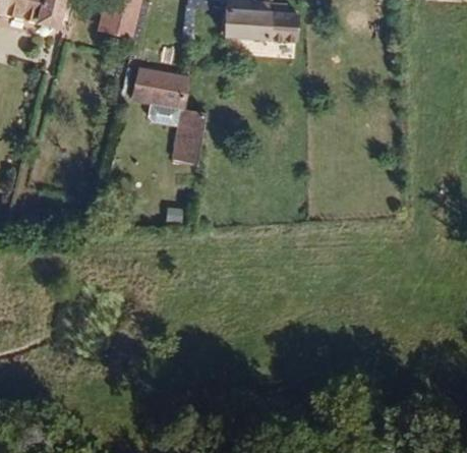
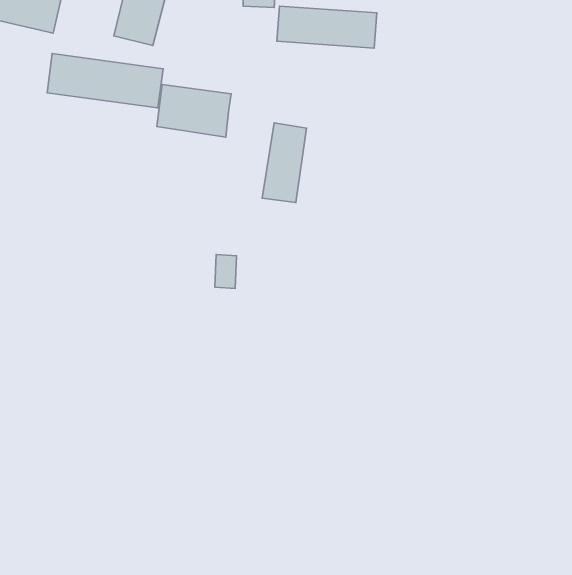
building: none -> [47,53,163,108]
building: [174,107,208,167] -> [262,123,307,202]

